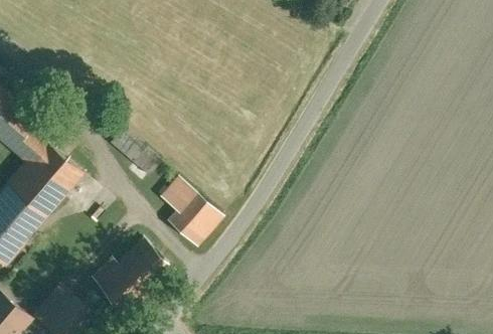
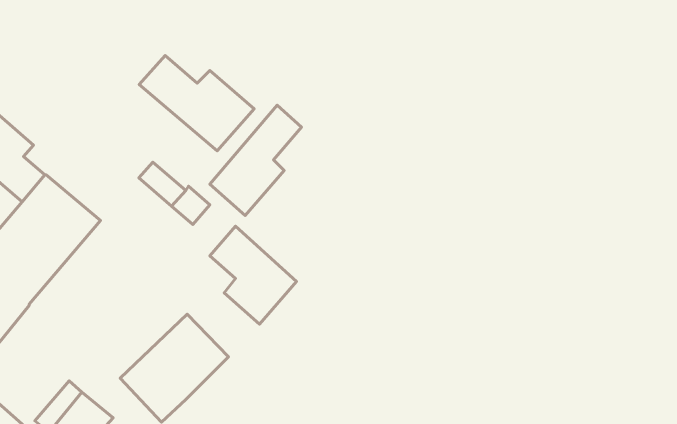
building: none -> [139,56,254,151]
building: none -> [210,105,301,215]

